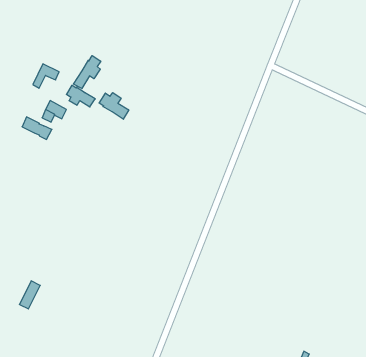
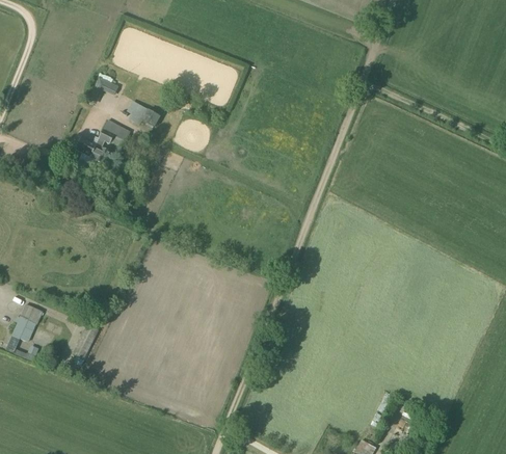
building: [74,56,101,89] -> none
building: [99,93,129,119] -> none

